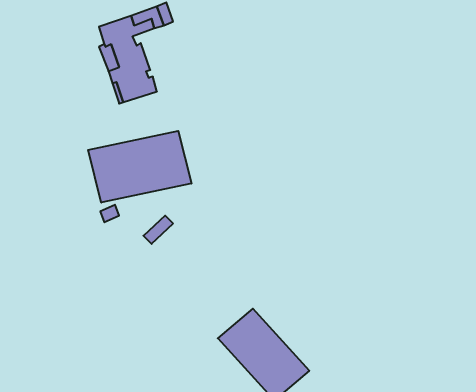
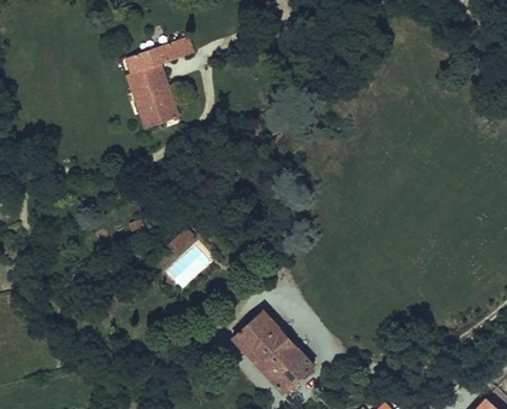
building: [88,131,191,203] -> none

